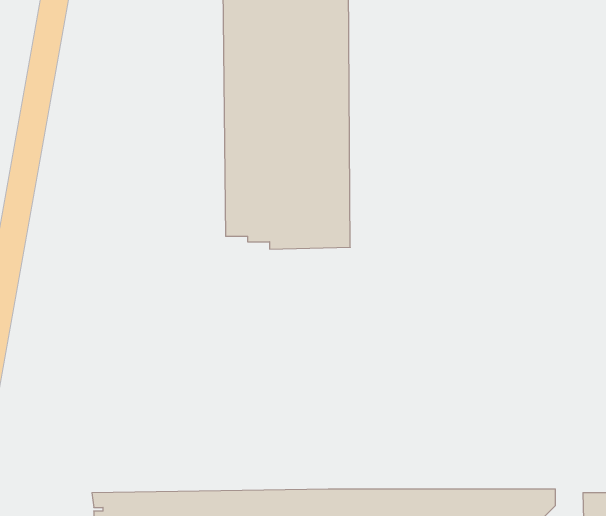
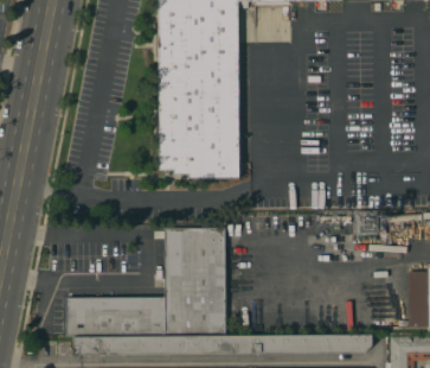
building: none -> [68,227,226,336]

